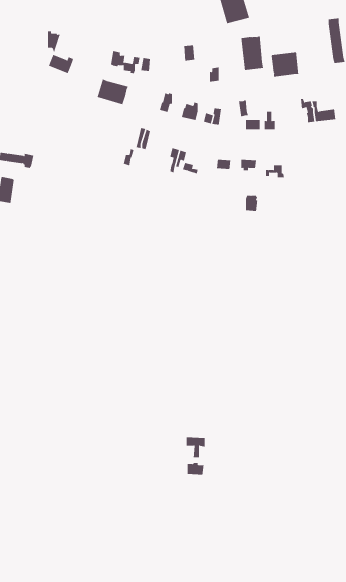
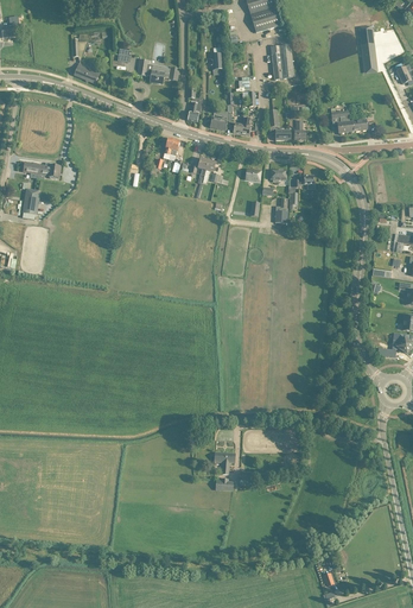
building: [271,52,299,78] -> none
building: [97,79,128,105] -> none

